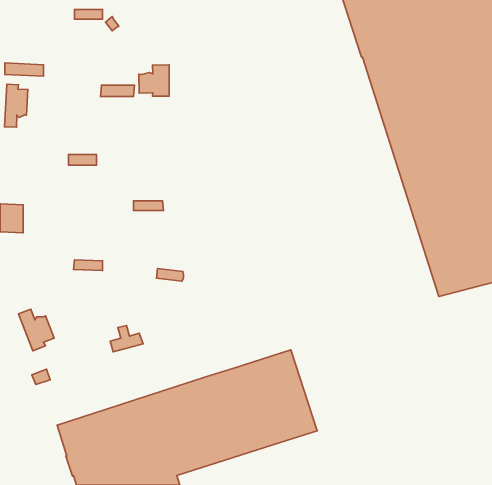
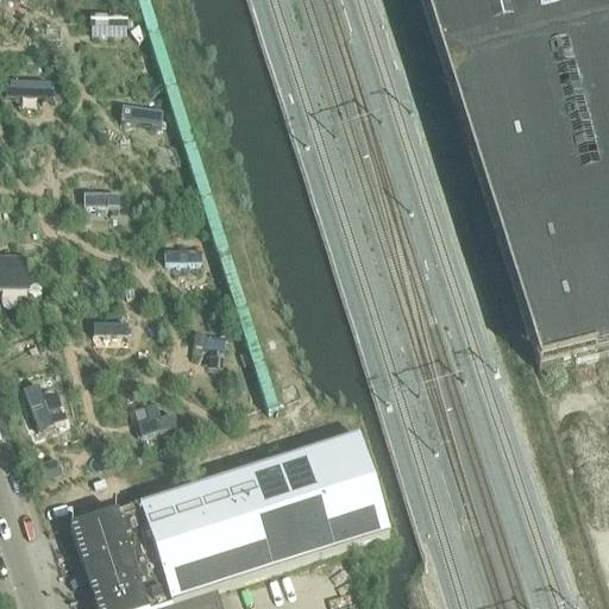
building: [139,65,169,96] -> none
building: [5,84,28,127] -> none

